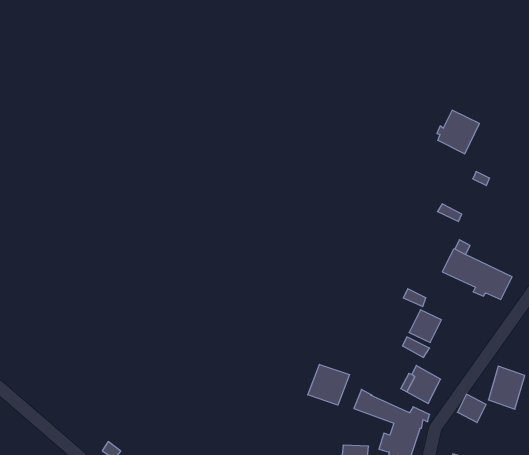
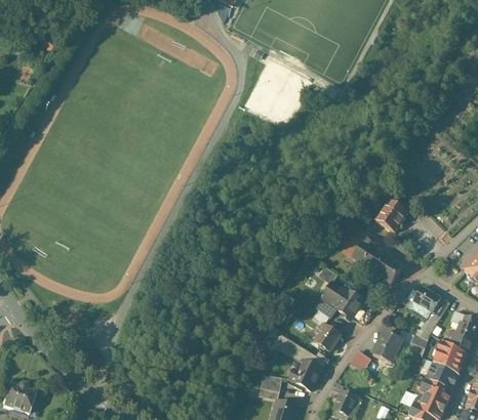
building: [437,110,479,154] -> [375,200,407,233]
building: none -> [334,289,363,319]
building: [308,364,350,405] -> none

